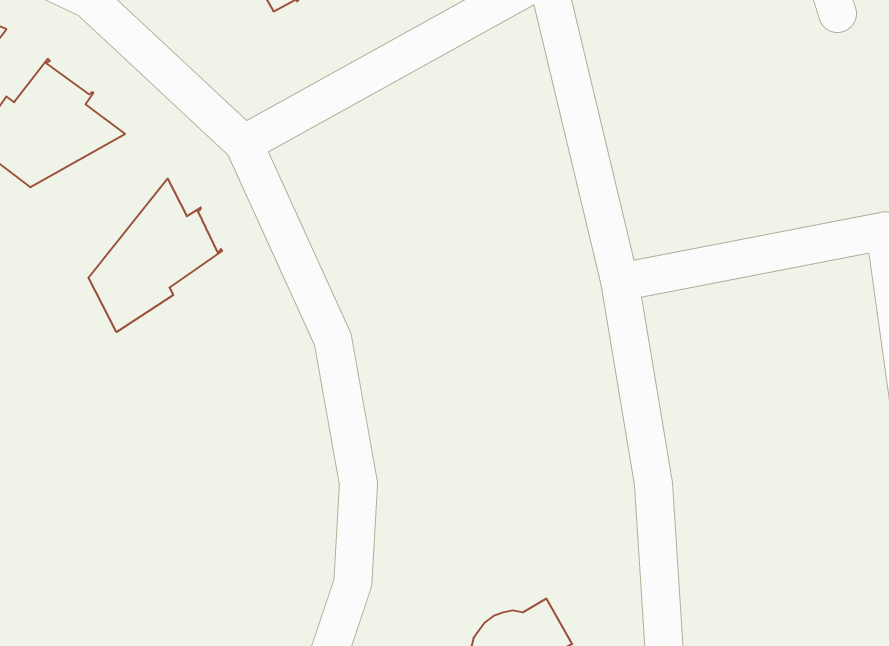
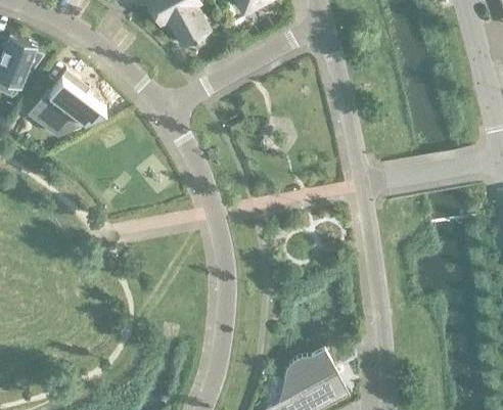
building: [88,179,222,332] -> none

